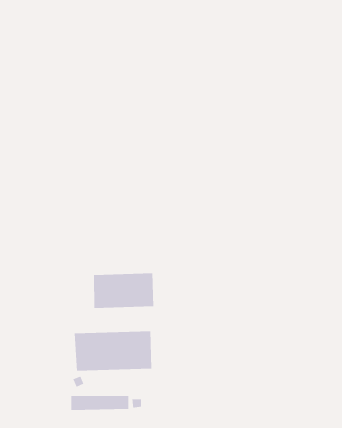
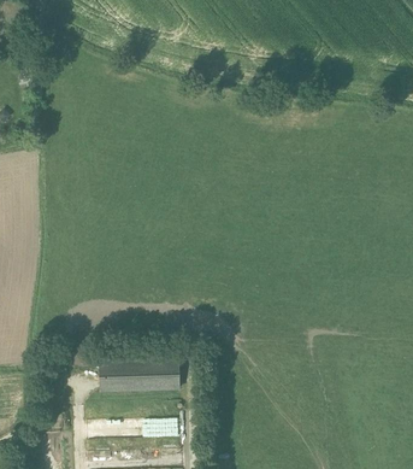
building: [94,273,154,309] -> none

